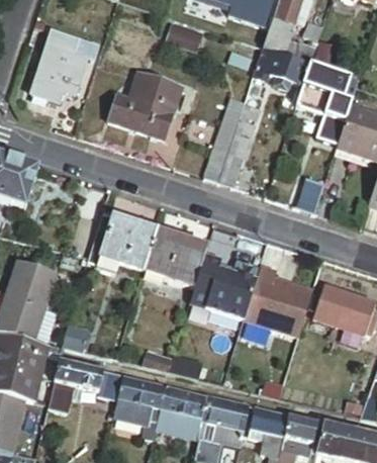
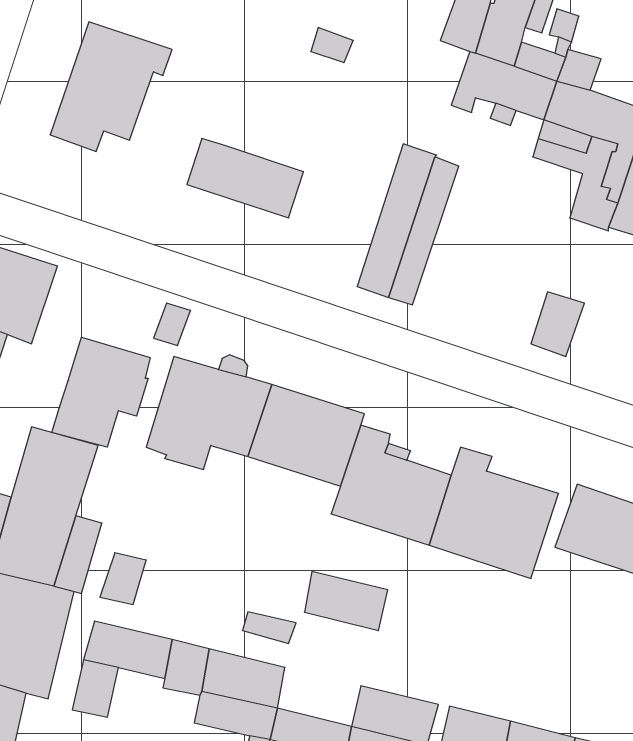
building: [130,74,182,114] -> none
building: none -> [52,337,150,447]
building: [159,385,204,418] -> [304,571,388,631]

